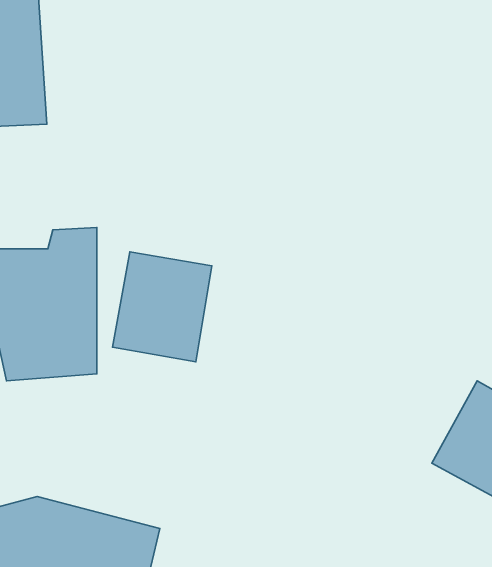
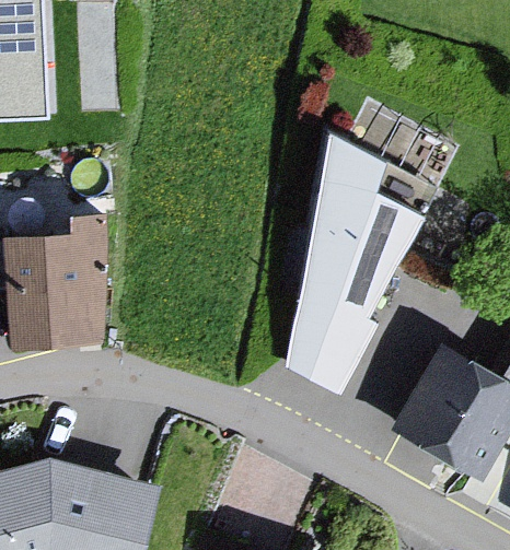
building: none -> [290,133,420,390]
building: [113,252,212,362] -> none

